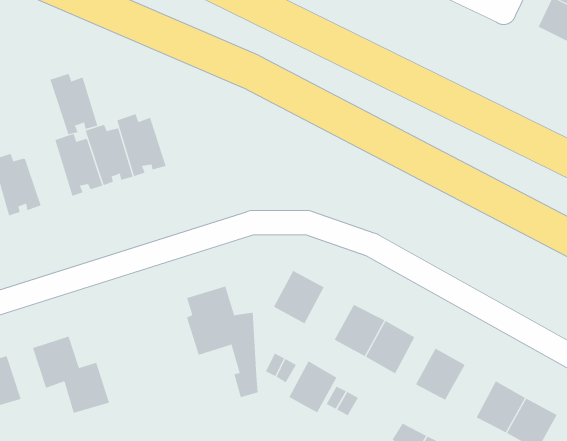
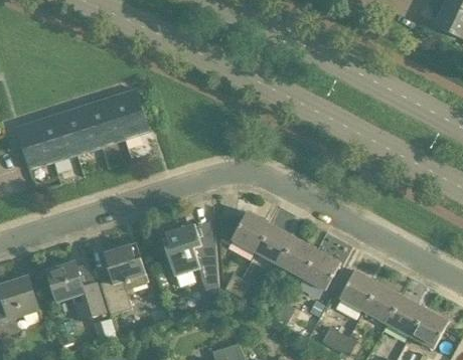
building: [49,69,98,135] -> [39,111,76,161]
building: none -> [100,241,147,314]
building: [288,360,337,413] -> [255,223,292,263]
building: none -> [362,283,401,323]

